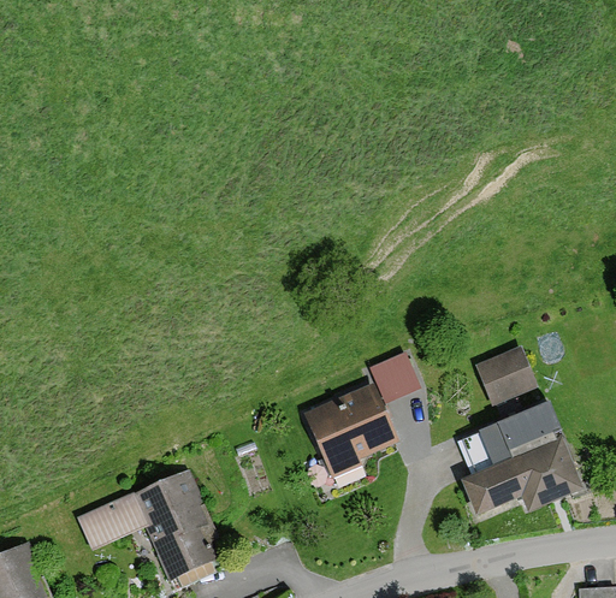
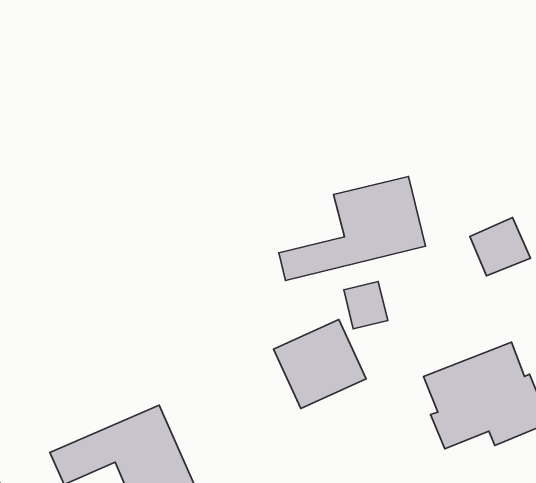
building: none -> [279,177,426,281]
building: [474,347,535,405] -> [470,218,530,276]

